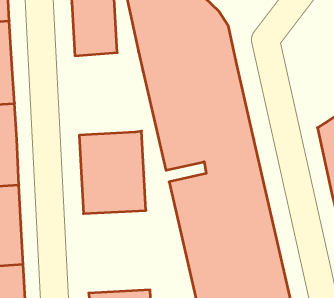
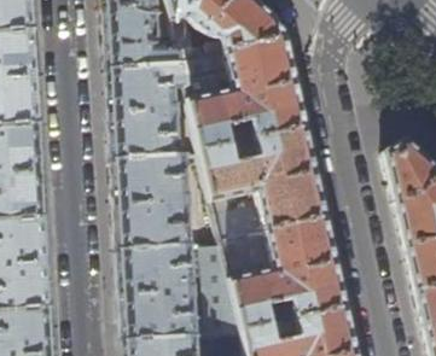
building: none -> [109,68,186,163]
building: none -> [202,247,244,339]
building: none -> [118,249,194,343]

